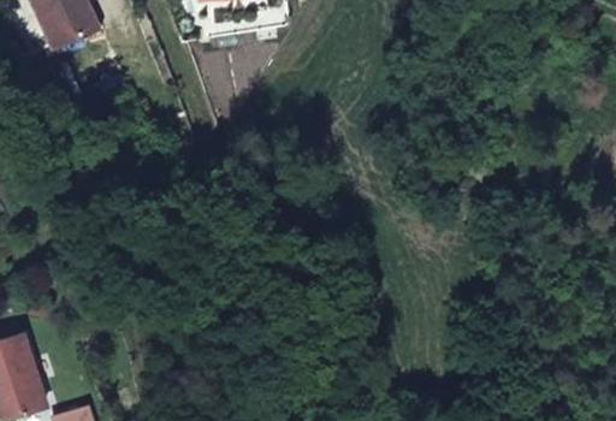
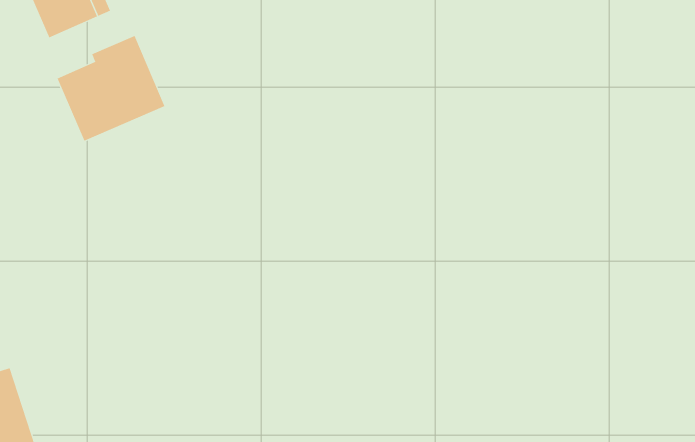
building: none -> [57,35,165,142]

